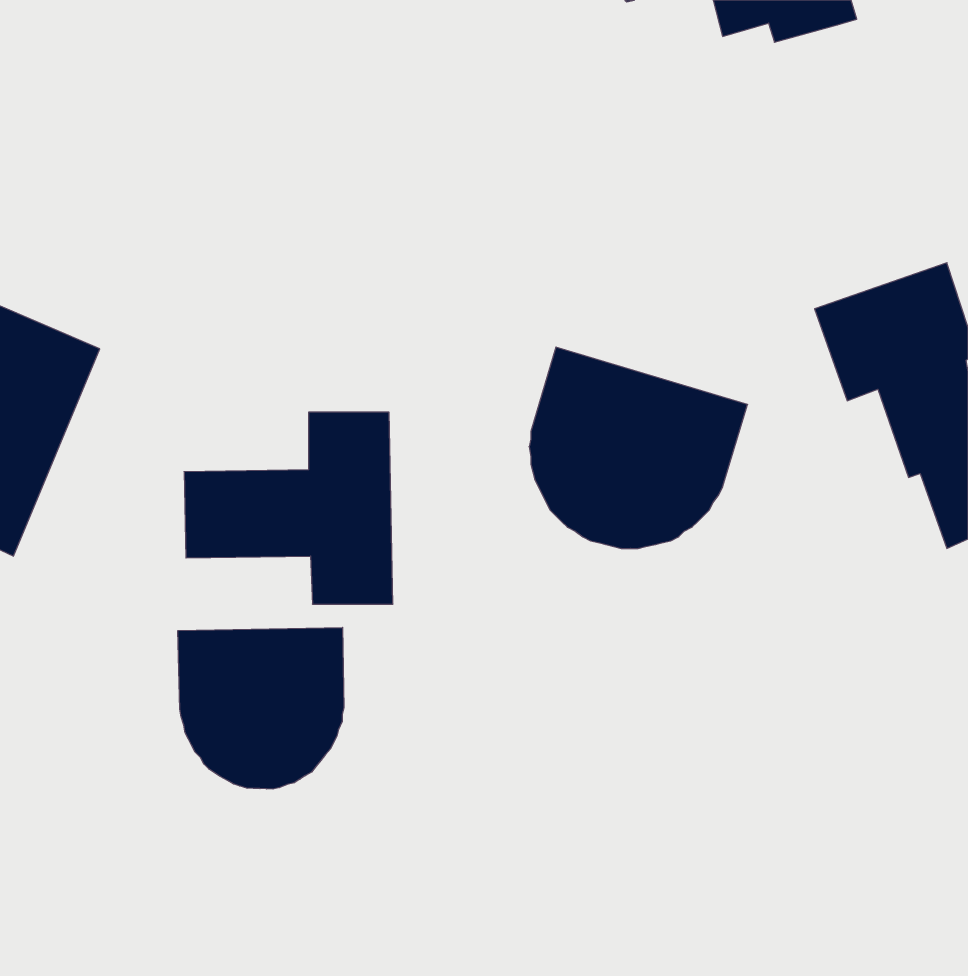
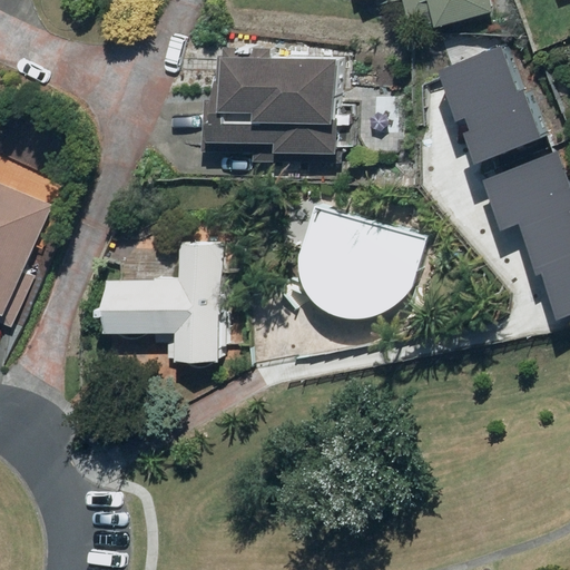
building: none -> [202,40,350,161]
building: none -> [429,48,534,165]
building: [178,627,344,789] -> none

